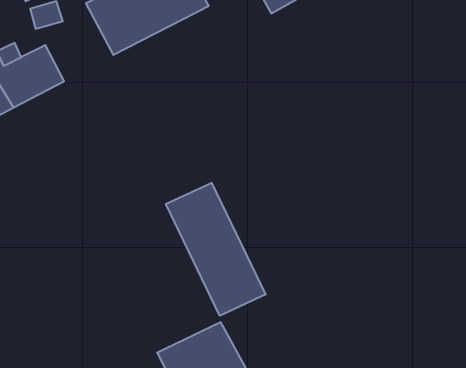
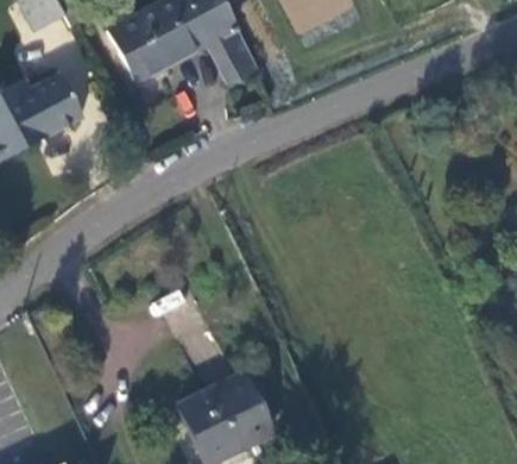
building: none -> [209,31,257,82]
building: [166,183,266,316] -> none

